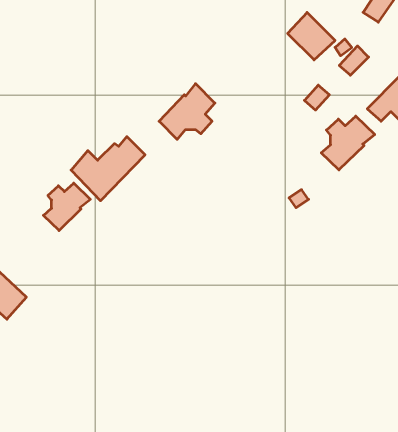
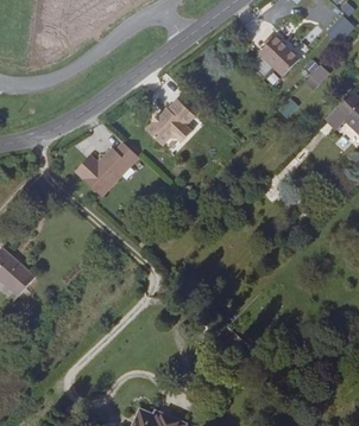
building: [321,116,375,170] -> none
building: [43,183,90,231] -> none

